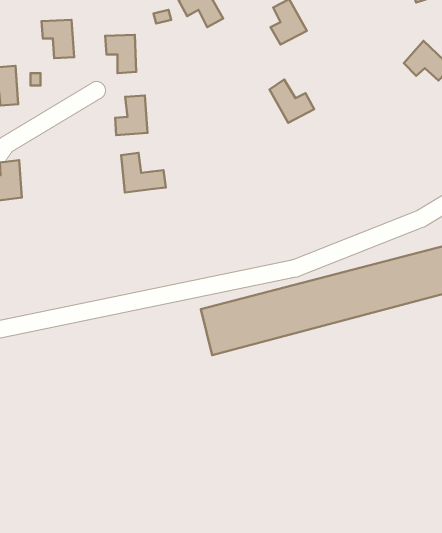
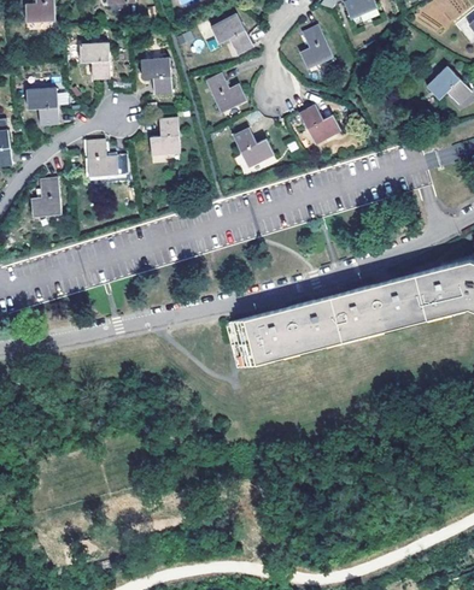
building: none -> [204,73,245,112]
building: none -> [232,128,274,167]
building: [121,153,166,193] -> [84,141,128,179]

